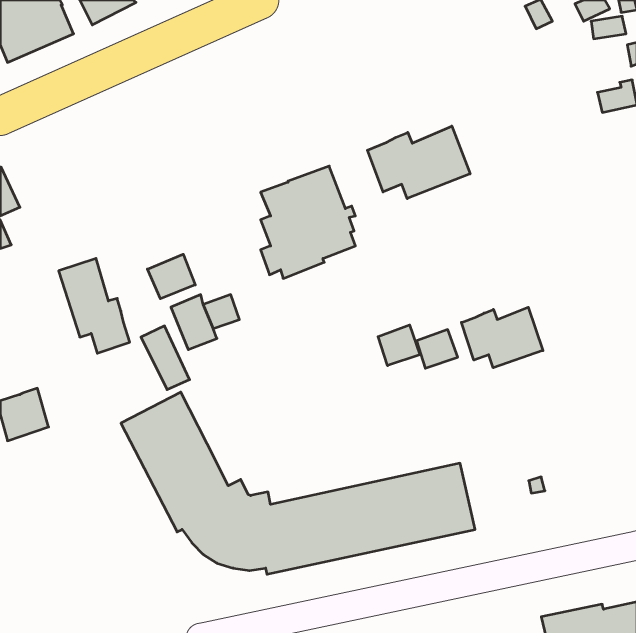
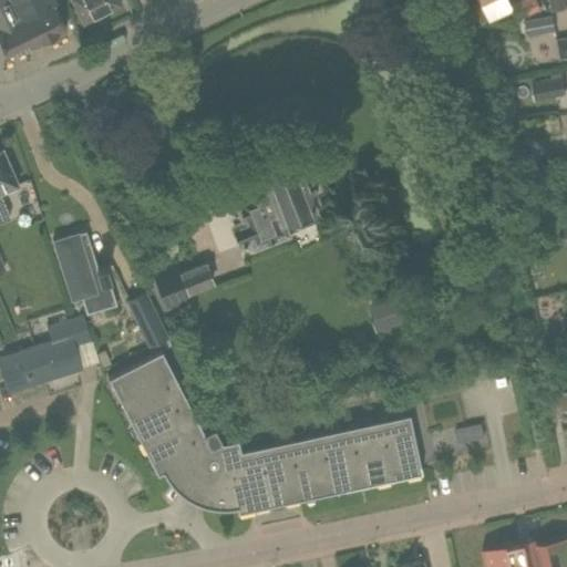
building: [367,126,470,199] -> none
building: [147,254,195,299] -> none
building: [461,307,543,368] -> none
building: [378,325,420,366] -> none
building: none -> [34,318,92,383]

